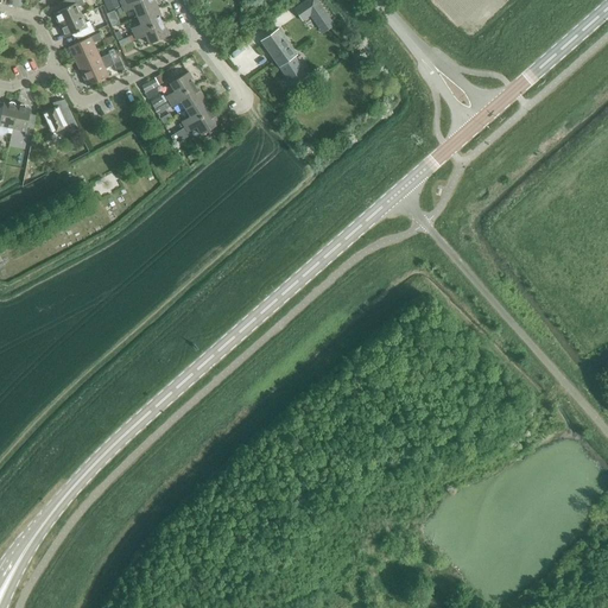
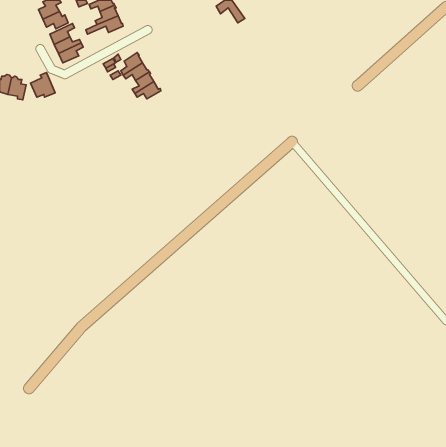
building: [260,28,306,86] -> none

